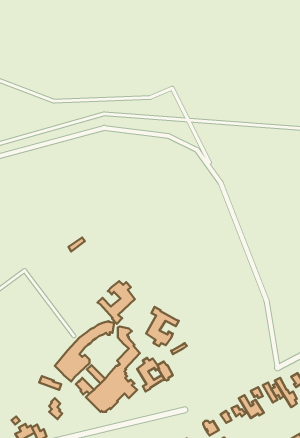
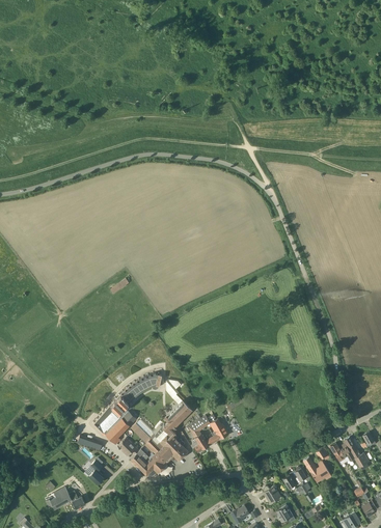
building: [97,281,135,324] -> none
building: [146,307,179,346] -> none

